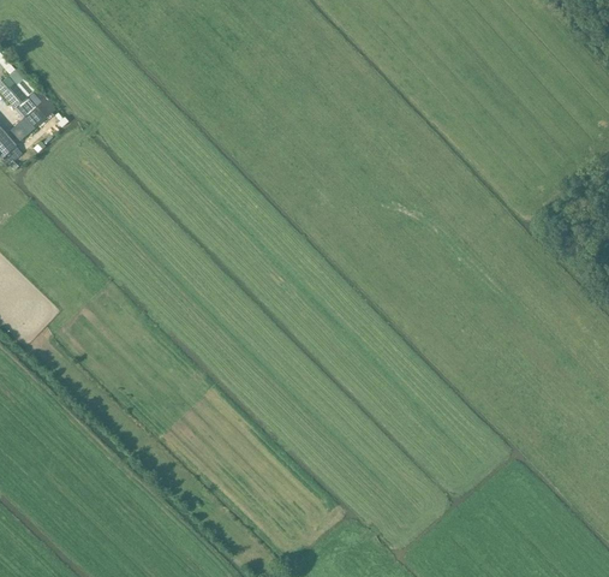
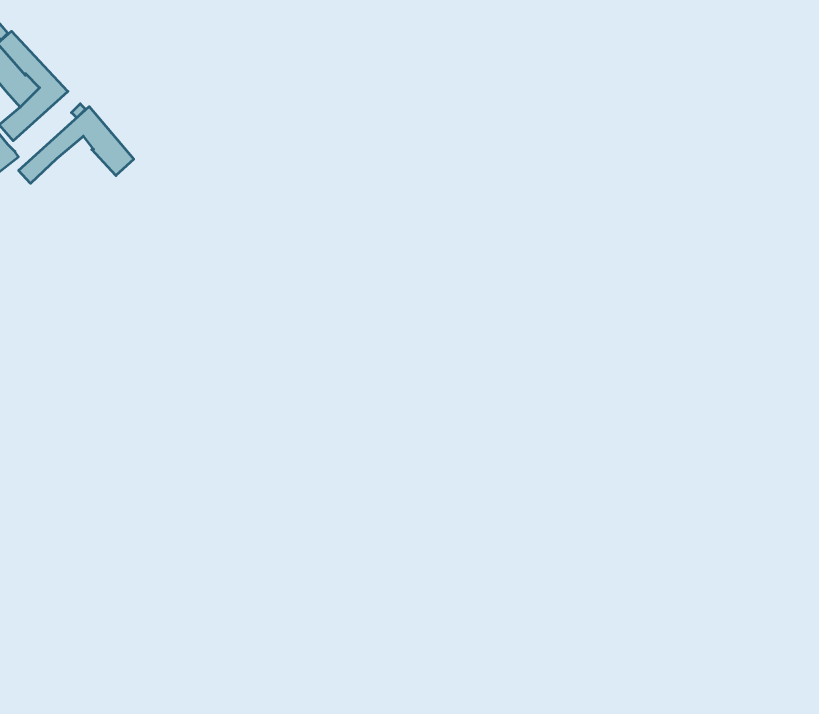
building: none -> [19,107,134,183]

